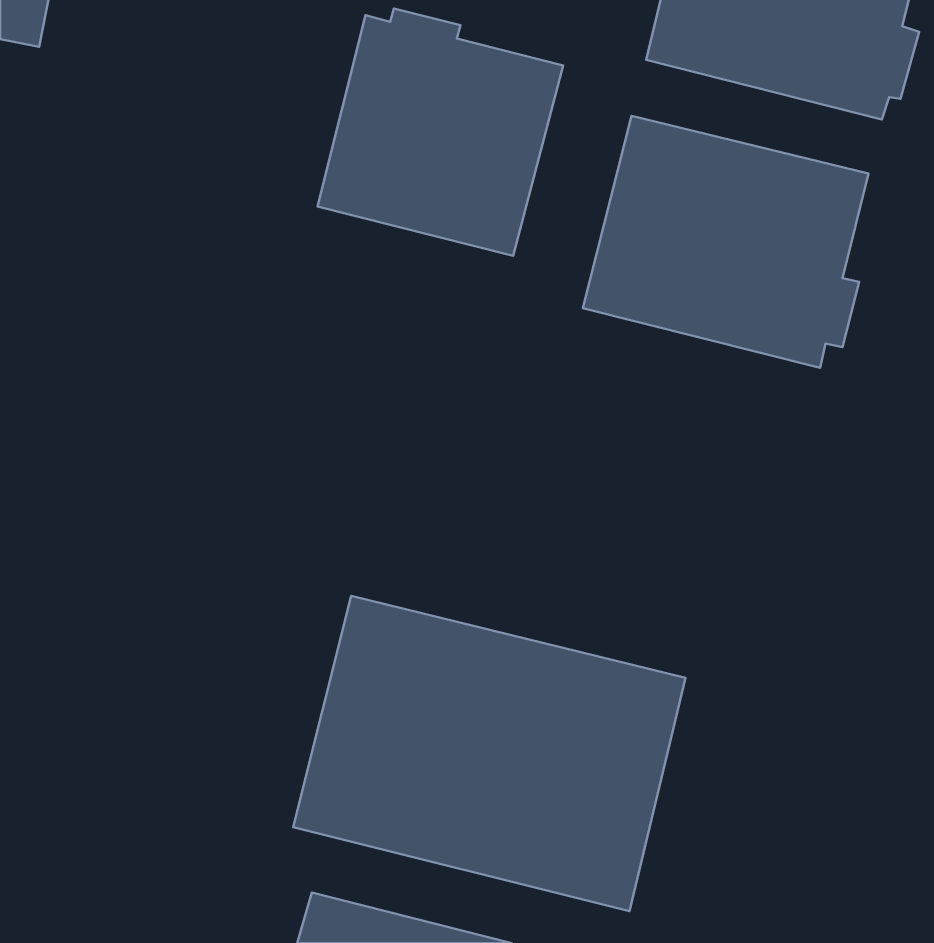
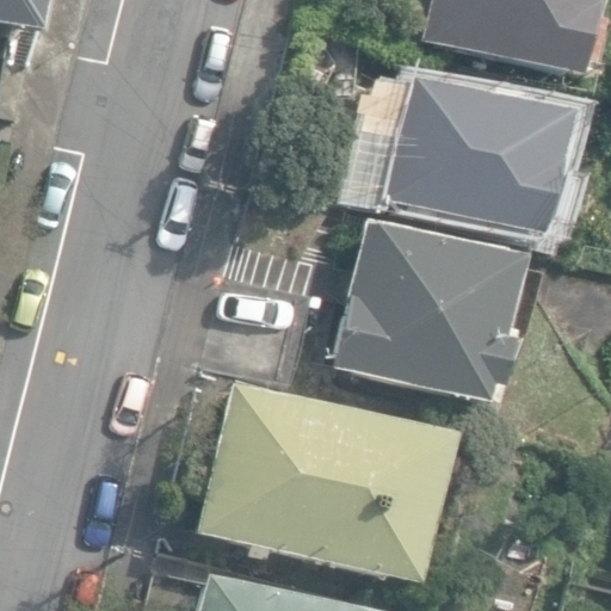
building: [317,9,563,256] -> none
building: none -> [337,220,521,400]

